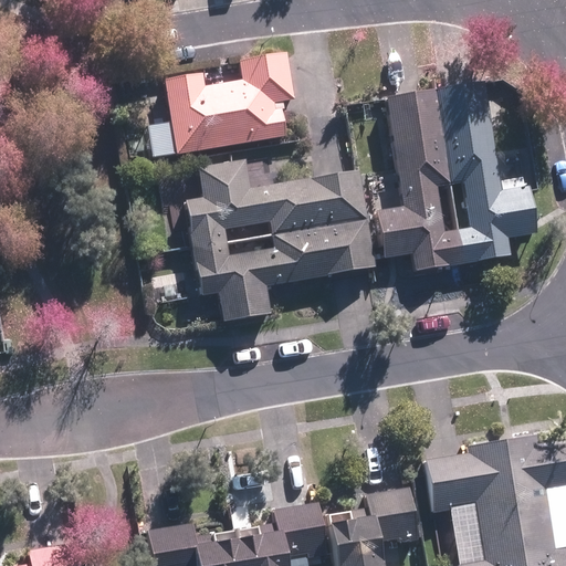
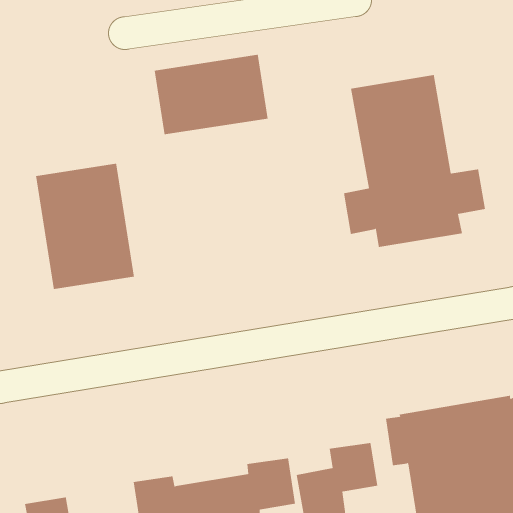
building: [187,163,375,321] -> none
building: none -> [35,163,135,290]

